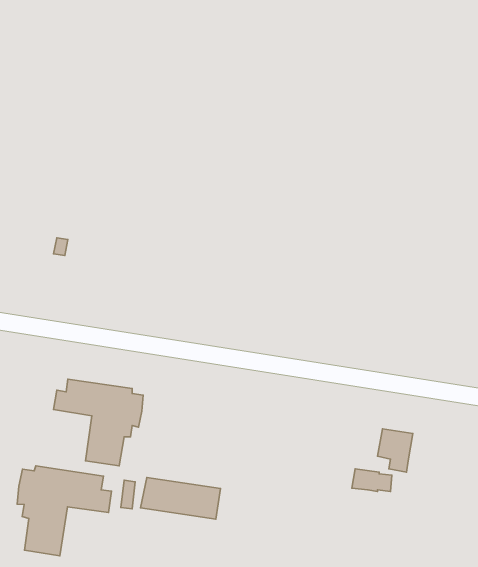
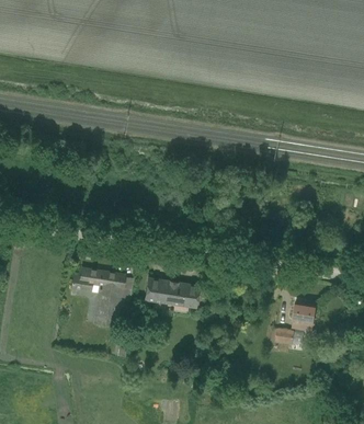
building: [17,466,111,556] -> none
building: [140,477,221,519] -> [141,278,196,307]

